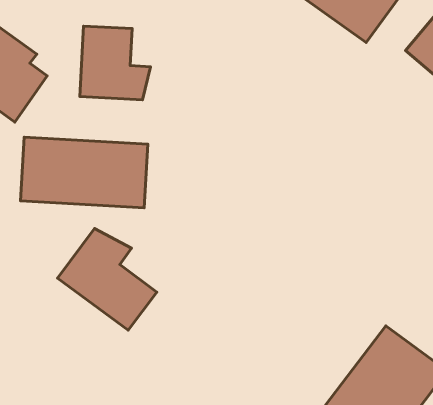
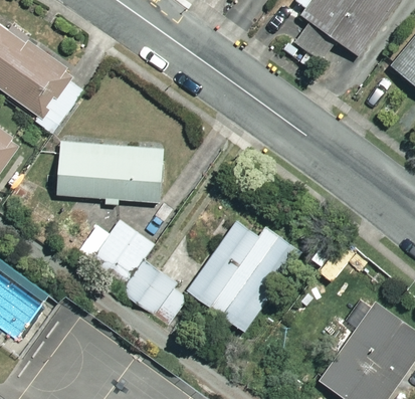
building: [80,26,150,100] -> none
building: none -> [190,210,296,327]

